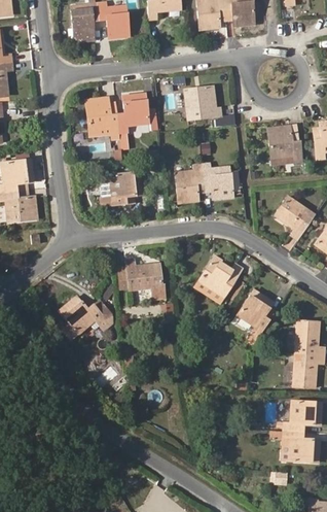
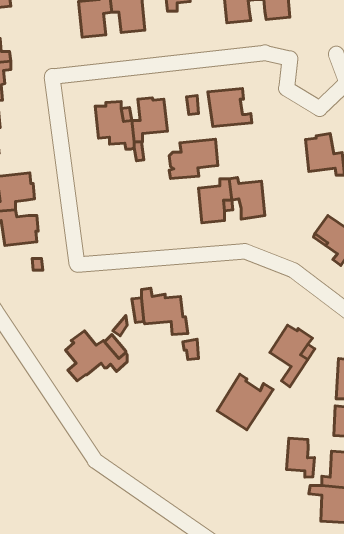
building: [100,172,142,206] -> [169,139,218,178]
building: [194,255,243,304] -> [217,374,273,430]
building: none -> [287,438,314,477]

